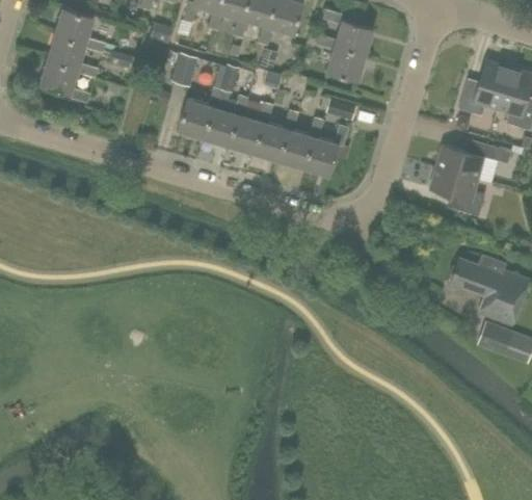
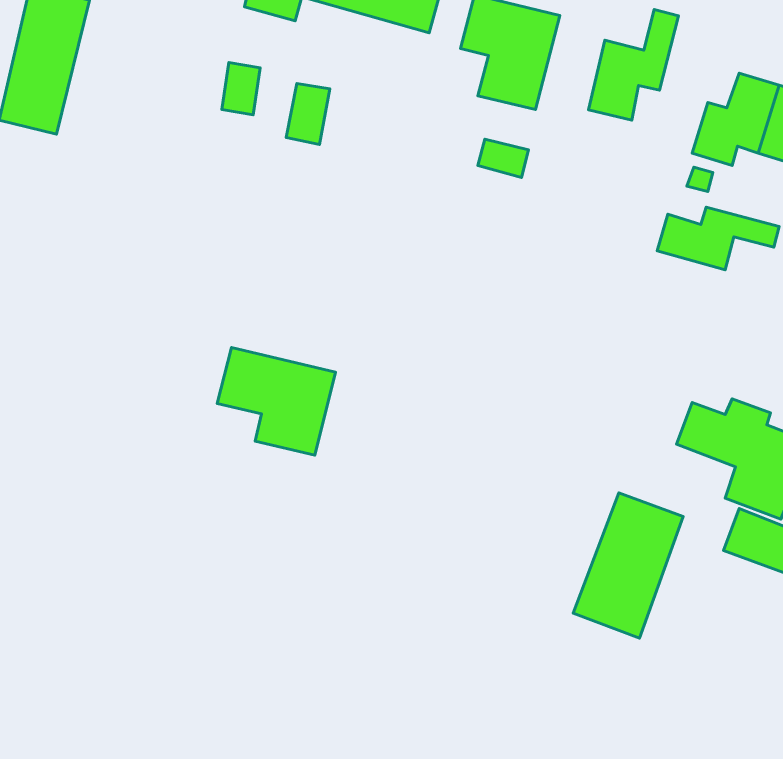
building: none -> [589,9,679,120]
building: [179,102,349,174] -> none
building: [429,166,483,215] -> none
building: none -> [217,348,336,455]
building: none -> [573,493,683,638]

